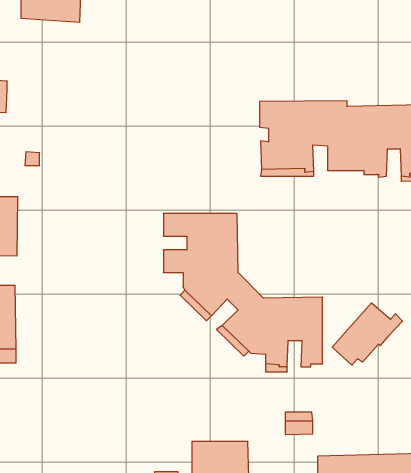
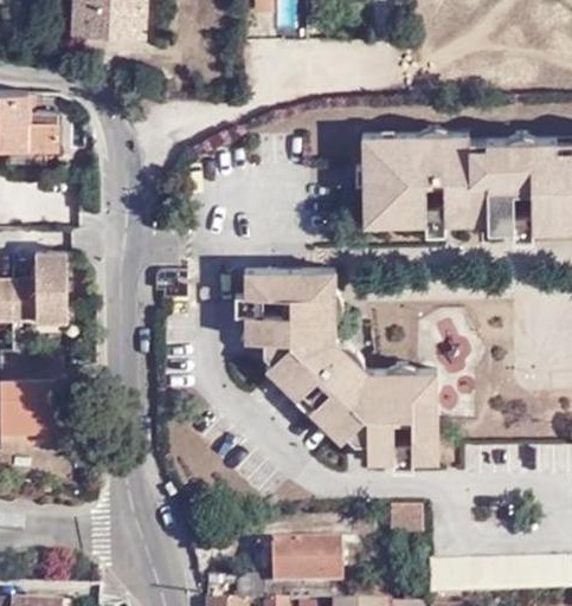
building: [332,303,403,365] -> none

